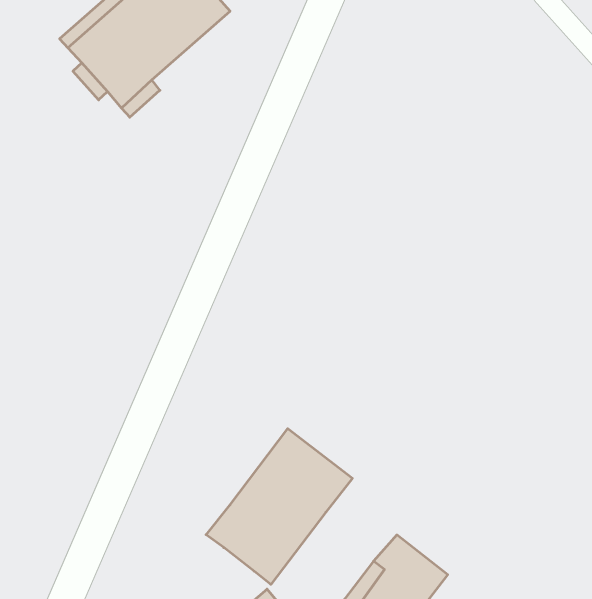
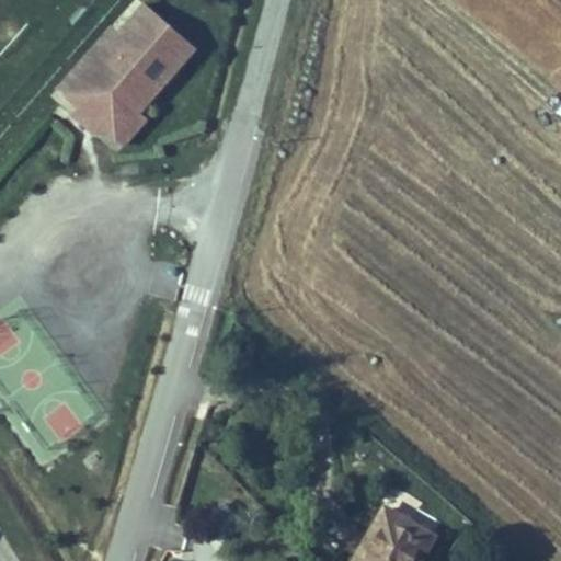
building: [206,429,352,584] -> none

